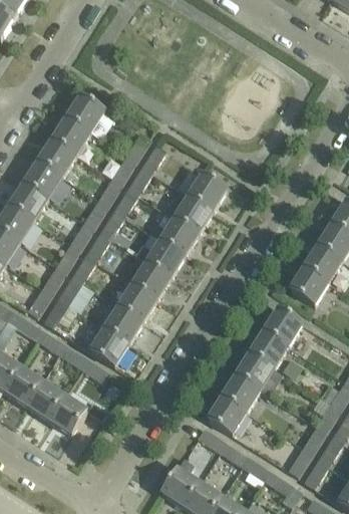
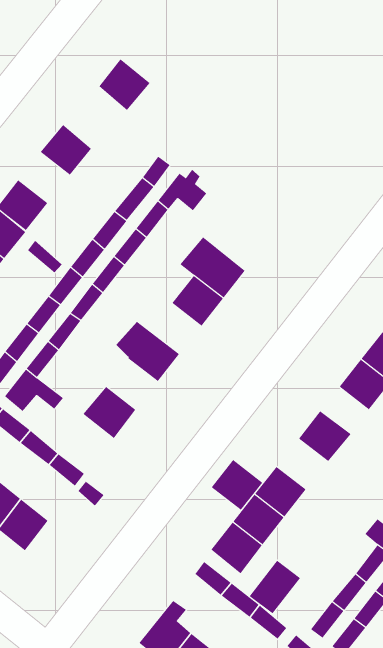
building: [67,93,105,132] -> [98,58,150,111]
building: [38,138,76,175] -> none
building: [179,173,227,210] -> none
building: [136,239,185,276] -> none
building: [118,283,156,320] -> none
building: [83,327,128,365] -> none
building: [250,329,288,366] -> [211,459,263,511]
building: none -> [249,560,301,614]

